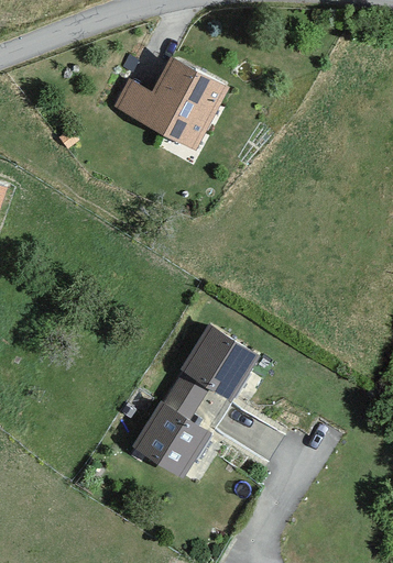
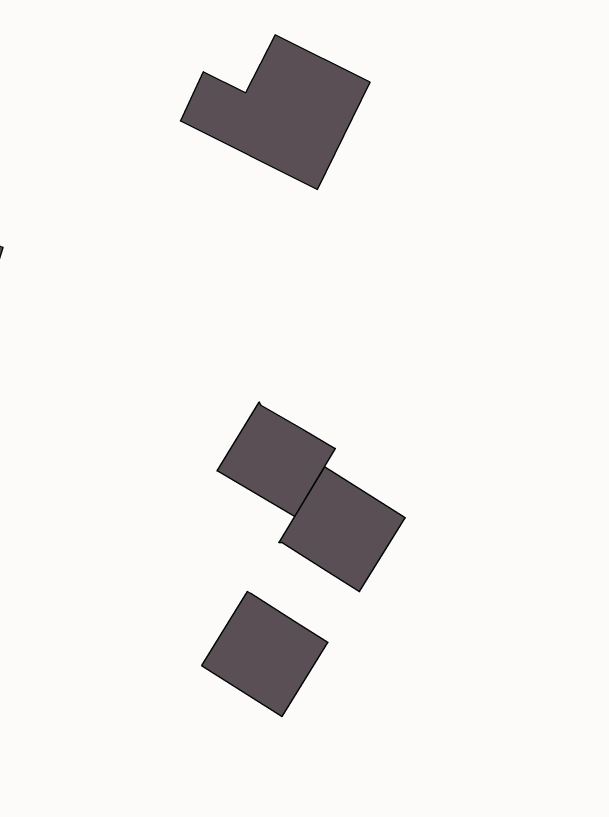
building: none -> [217,402,335,516]
building: [160,371,207,420] -> none

